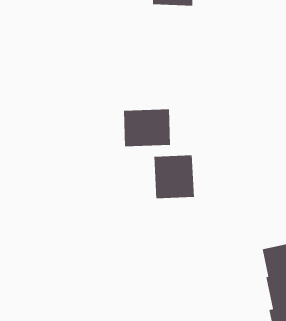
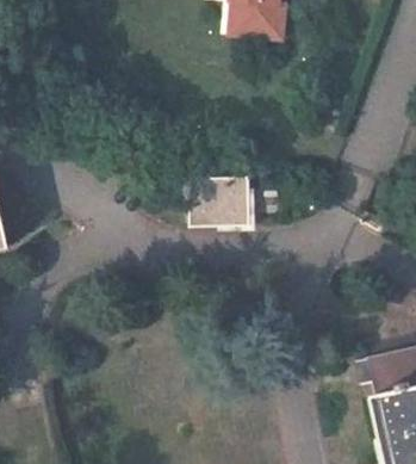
building: [154,155,194,199] -> none

